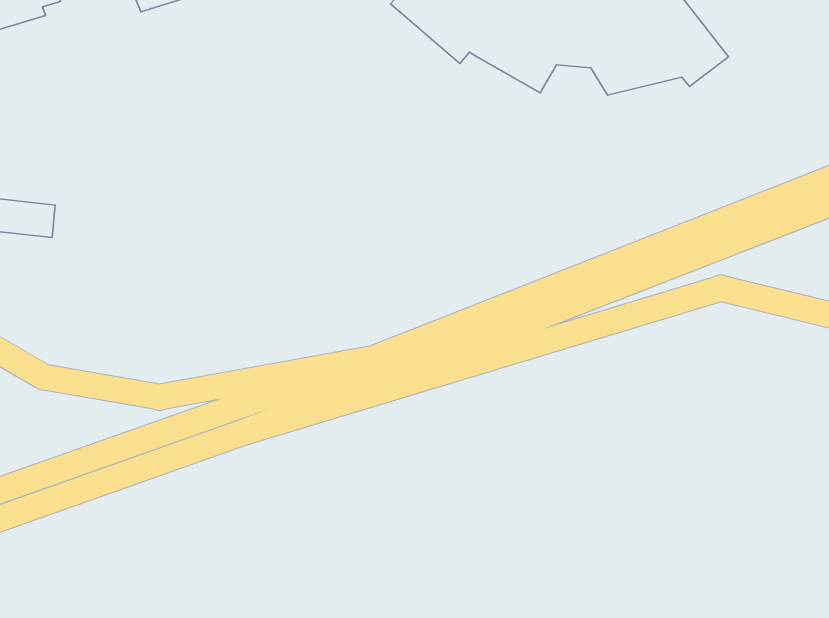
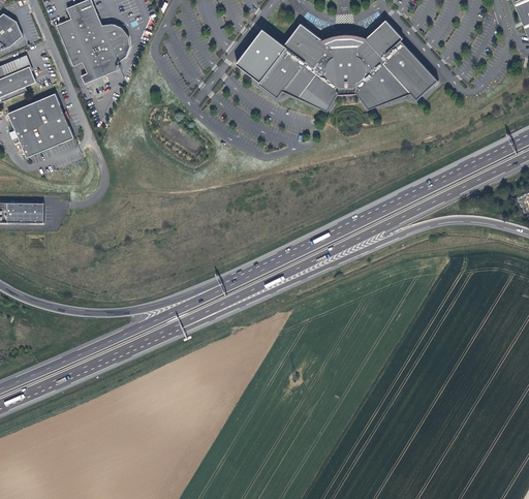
building: none -> [7,92,74,157]

